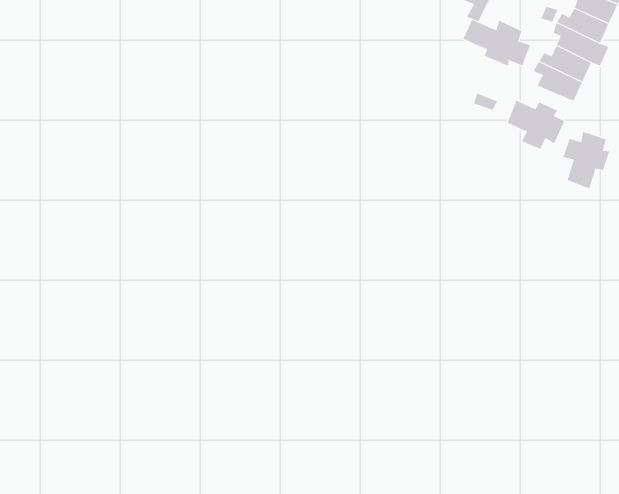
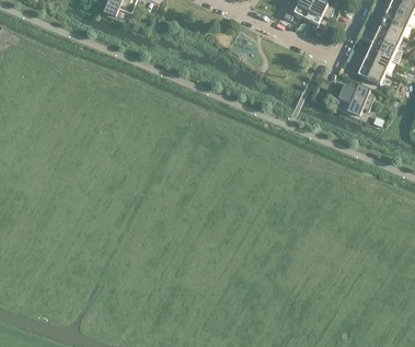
building: [462,19,531,67] -> none
building: [562,131,610,189] -> none

